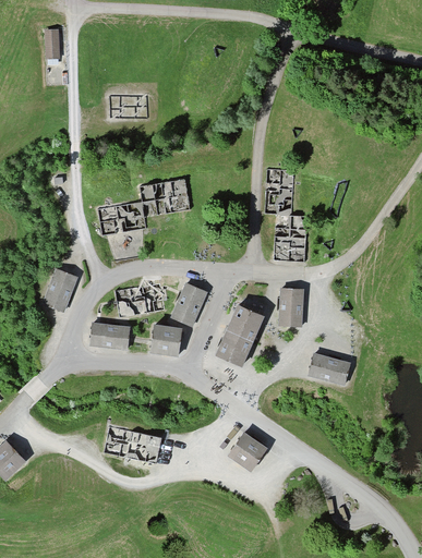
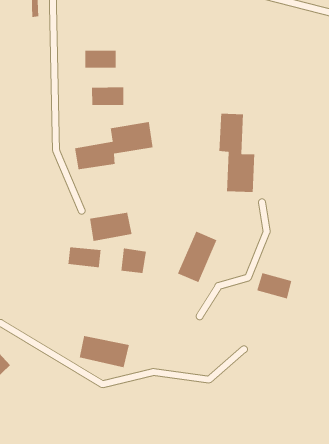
building: none -> [91,86,124,106]
building: [43,268,76,311] -> none
building: [171,282,206,325] -> none
building: [279,288,302,325] -> none
building: [228,432,266,470] -> none

